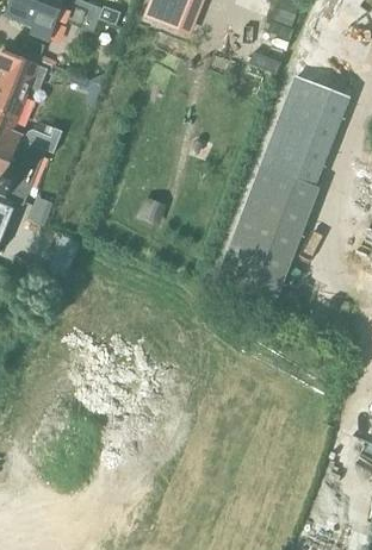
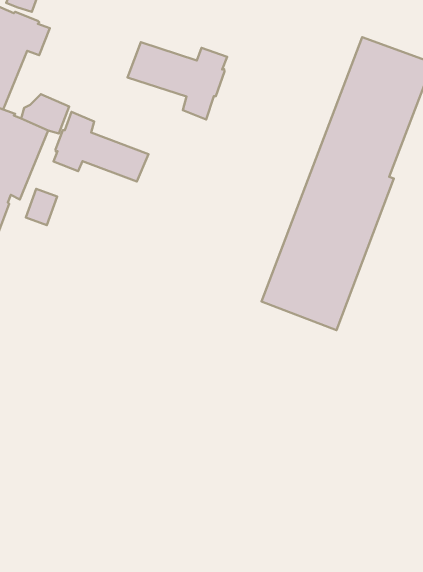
building: none -> [128,42,227,120]
building: none -> [53,112,148,182]

